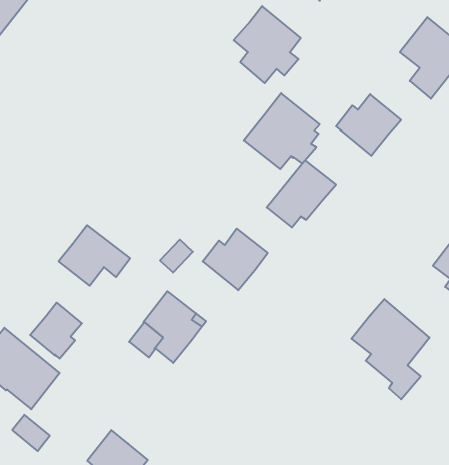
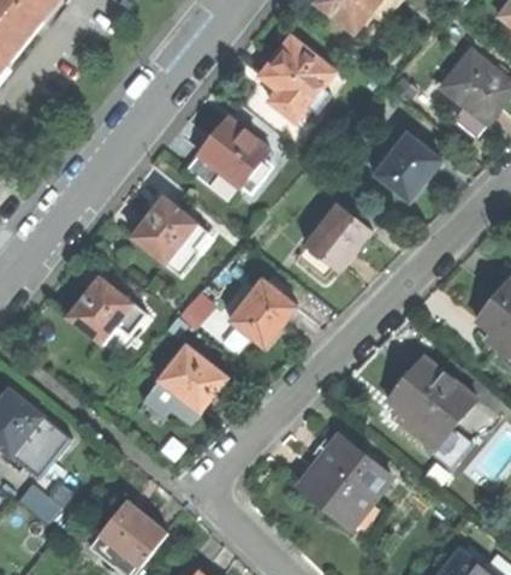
building: [244,93,320,169] -> [185,115,268,198]
building: none -> [131,196,208,275]
building: [30,303,82,359] -> none
building: none -> [298,434,390,526]

